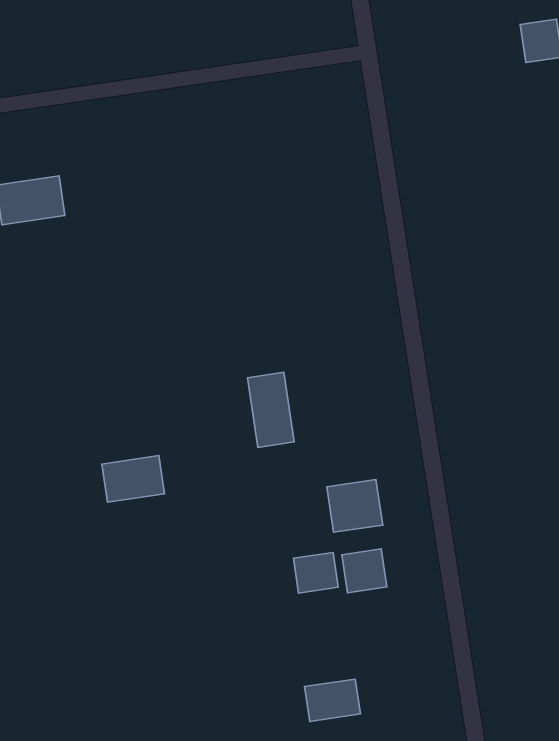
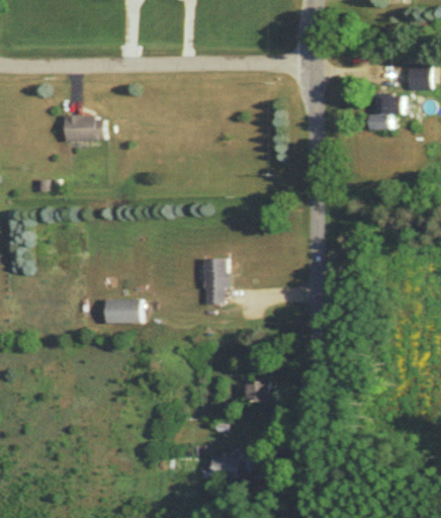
building: none -> [370,95,403,130]
building: [327,480,383,532] -> none
building: [293,552,338,593] -> none

